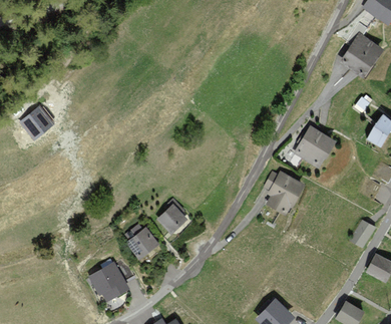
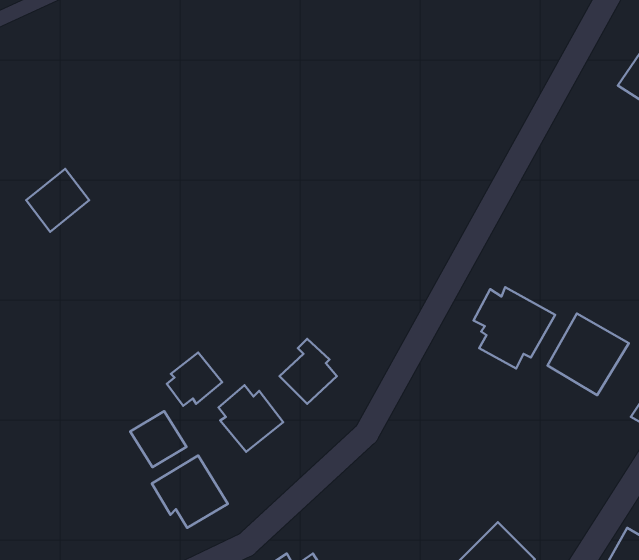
building: [294,125,338,170] -> [547,314,629,395]
building: none -> [167,352,222,406]
building: none -> [130,411,187,467]

